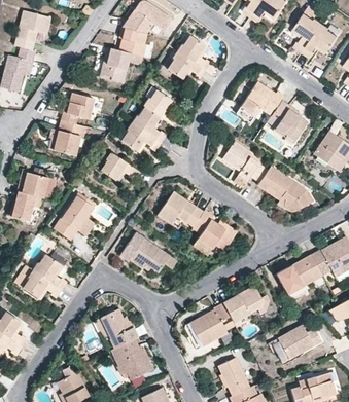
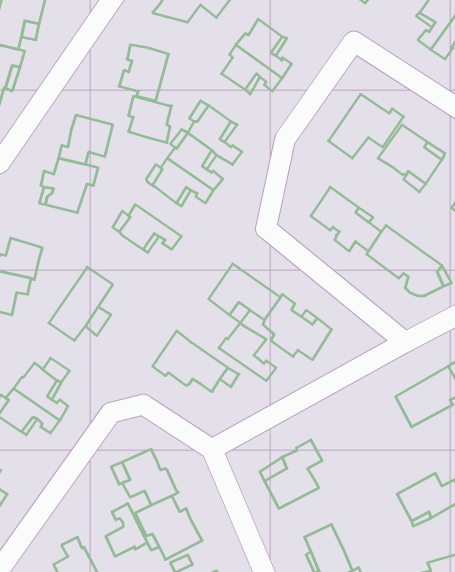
building: [117,29,145,59] -> [128,96,172,143]
building: none -> [219,323,276,381]
building: [222,286,264,323] -> none
building: none -> [106,503,147,556]

